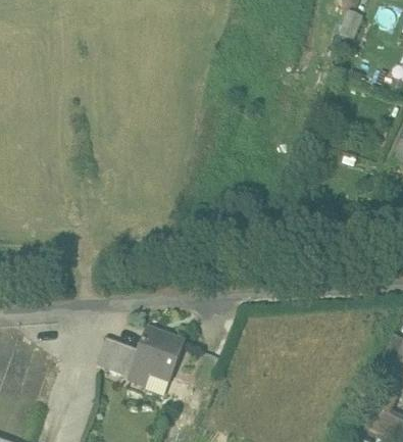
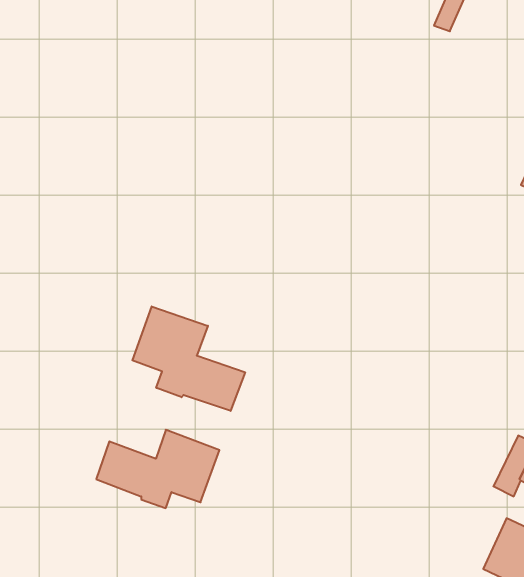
building: none -> [132,306,245,411]

